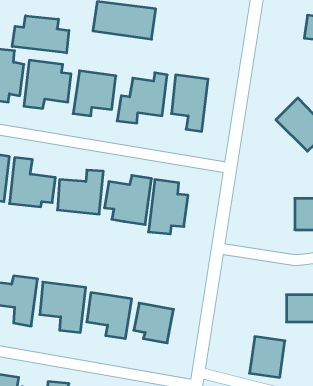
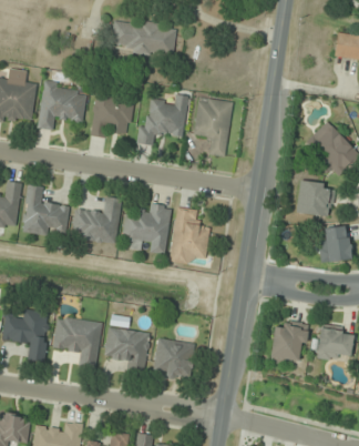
building: [12,16,69,53] -> none
building: none -> [296,180,334,215]
building: [249,337,285,377] -> [269,320,307,363]

